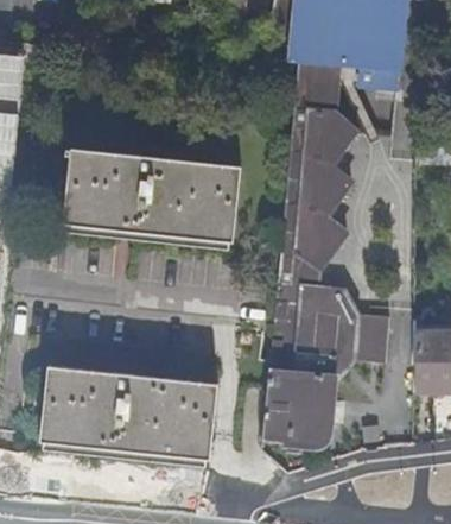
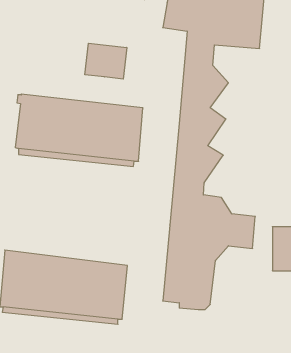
building: none -> [85,43,127,79]

